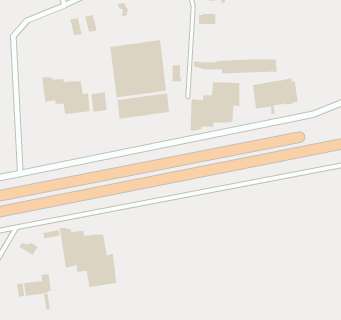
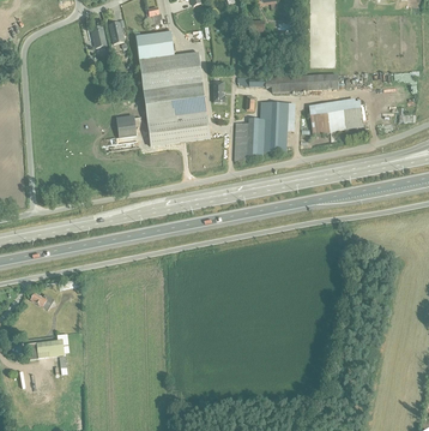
building: none -> [134,30,174,59]
building: [42,76,90,115] -> none
building: [59,227,117,288] -> none

